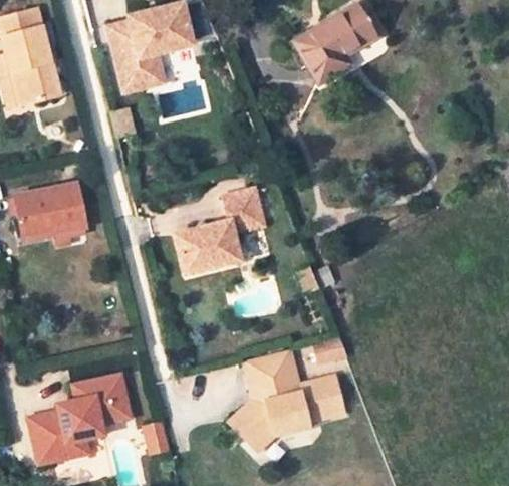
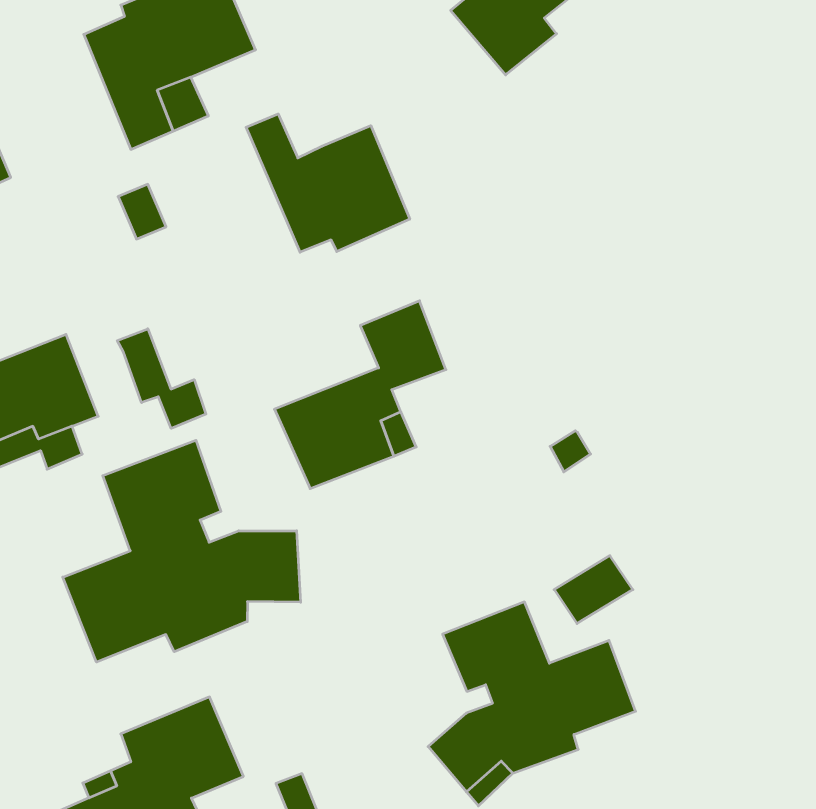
building: none -> [246,114,410,252]
building: none -> [117,329,206,428]
building: none -> [63,440,301,662]

